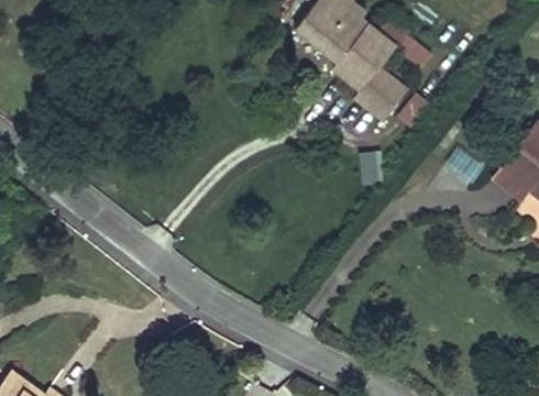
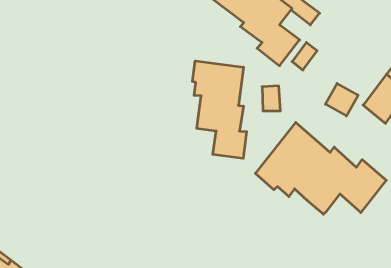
building: none -> [192,61,247,158]
building: none -> [255,122,386,214]

